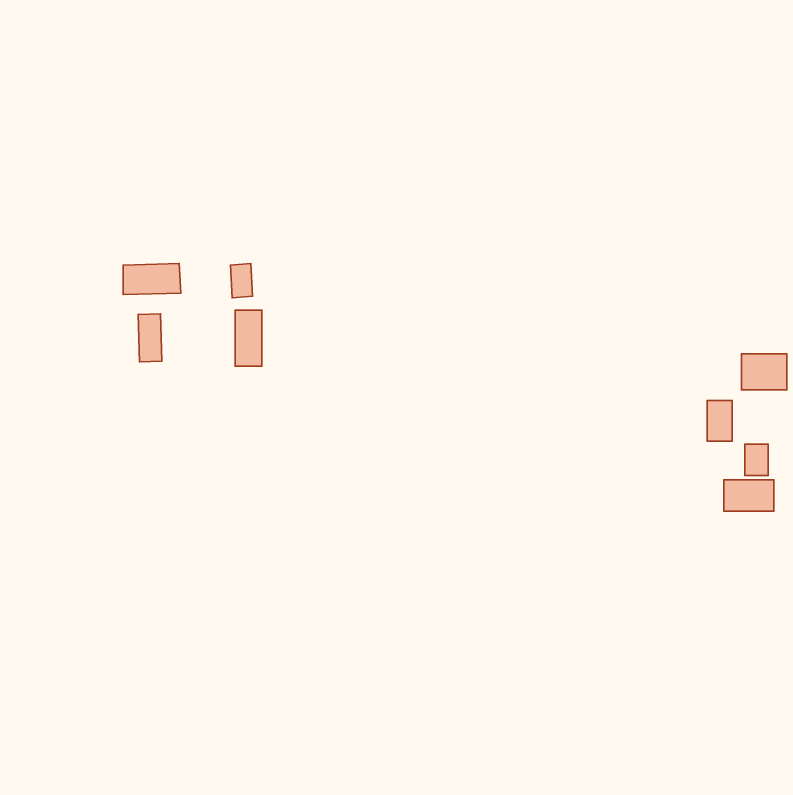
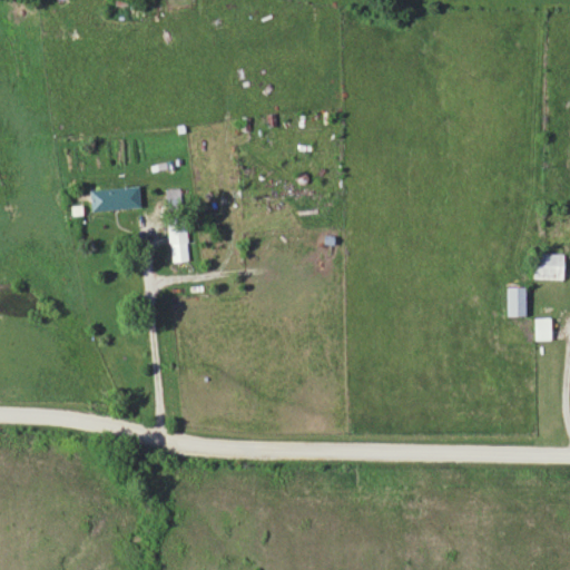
building: [138,314,162,362] -> none
building: [724,480,774,511] -> none

